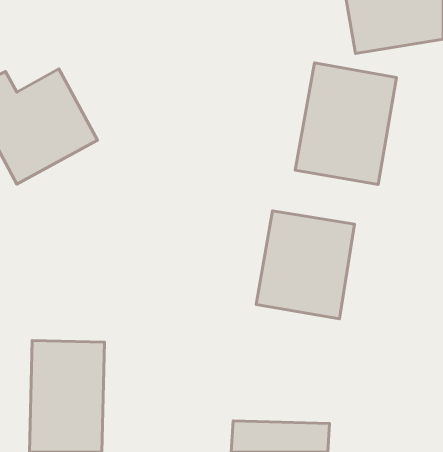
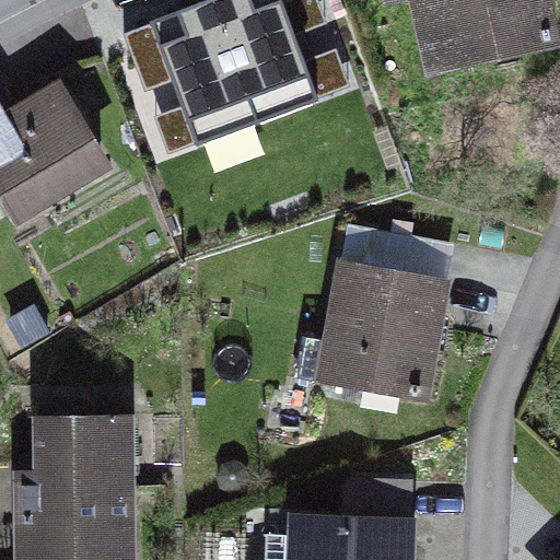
building: none -> [137,8,290,147]
building: [295,63,397,184] -> none

